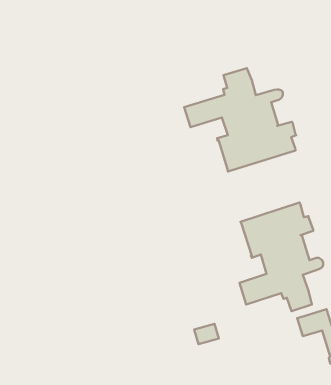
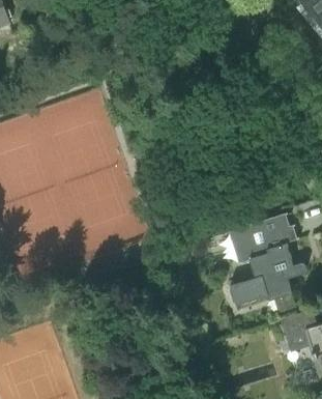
building: [184,68,296,171] -> none

